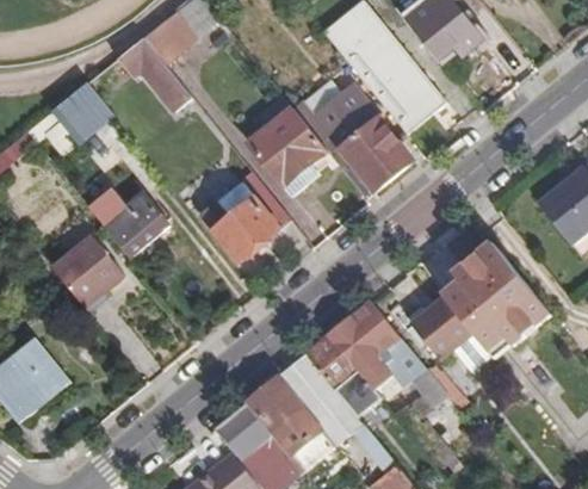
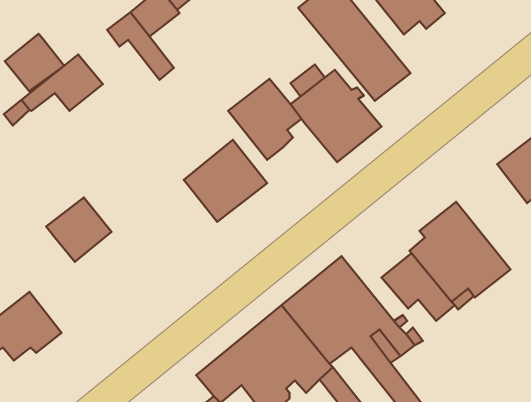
building: none -> [5,34,64,91]
building: [88,188,167,255] -> none

